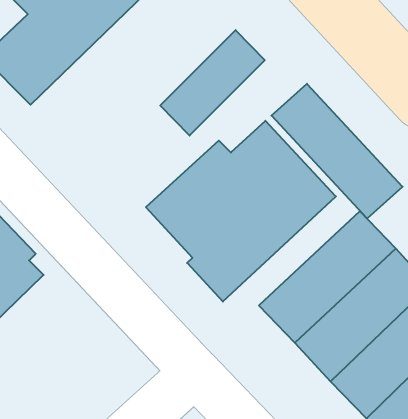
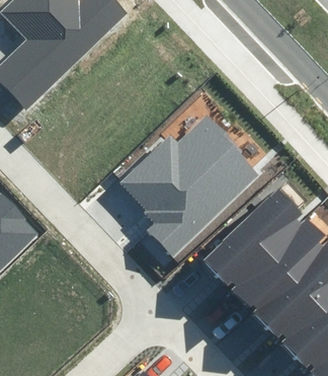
building: [160,30,265,136] -> none
building: [271,84,403,219] -> none

